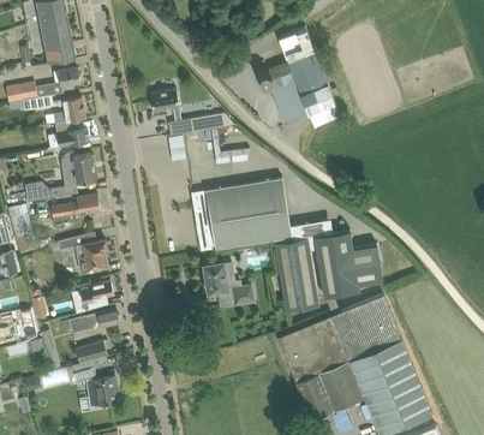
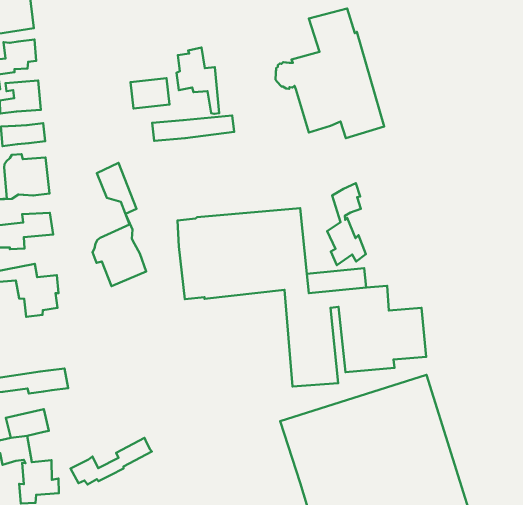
building: none -> [176,48,219,114]
building: none -> [93,163,146,286]
building: none -> [327,183,366,265]
building: [202,262,253,305] -> none
building: [73,281,113,314] -> none
building: none -> [70,438,152,484]

